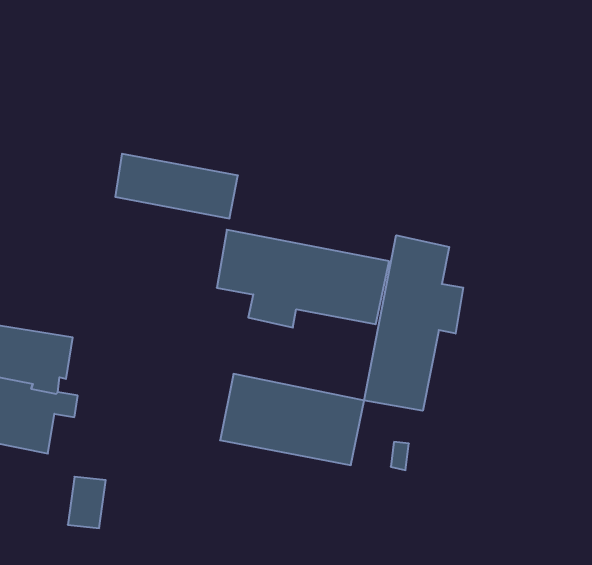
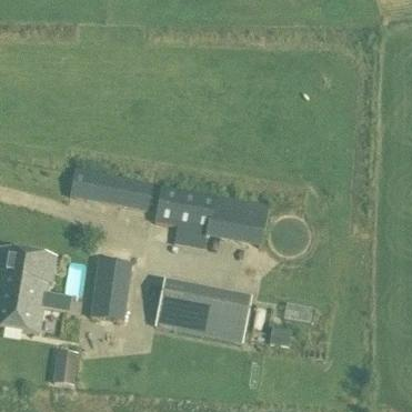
building: [115,154,238,218] -> [69,167,151,210]
building: [364,235,463,411] -> none
building: none -> [89,257,131,321]

